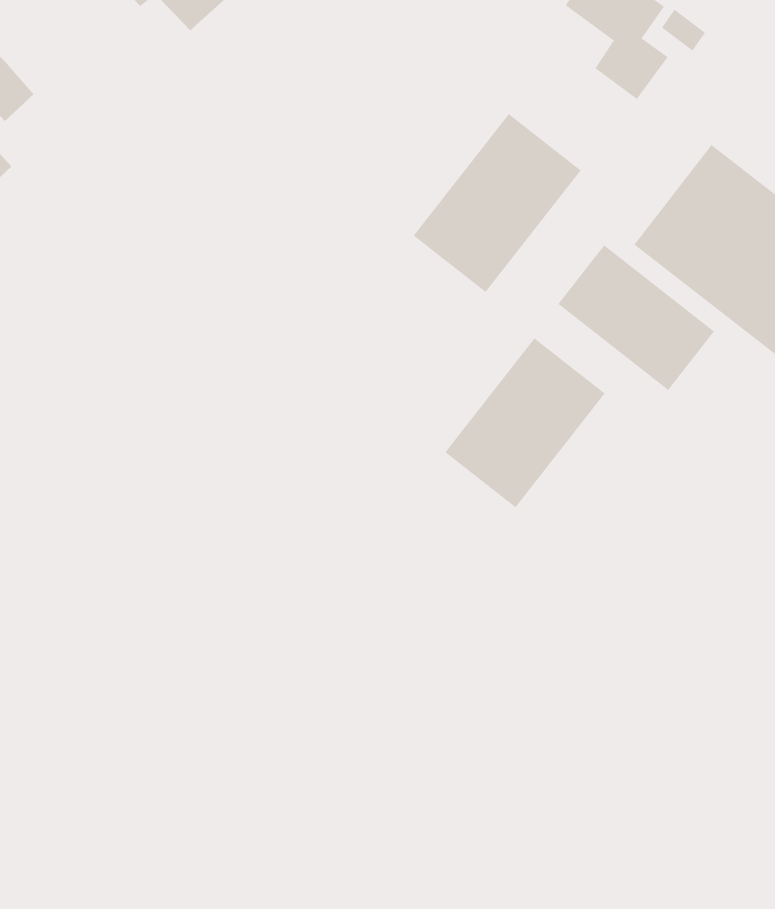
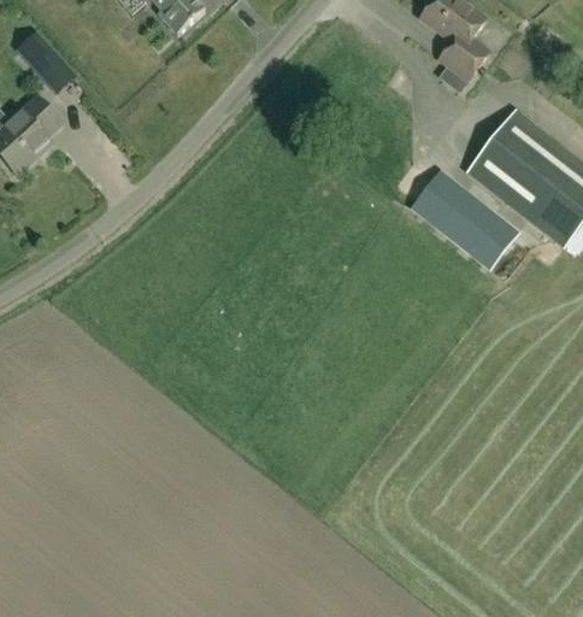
building: [413,113,581,293] -> none
building: [445,338,605,508] -> none

